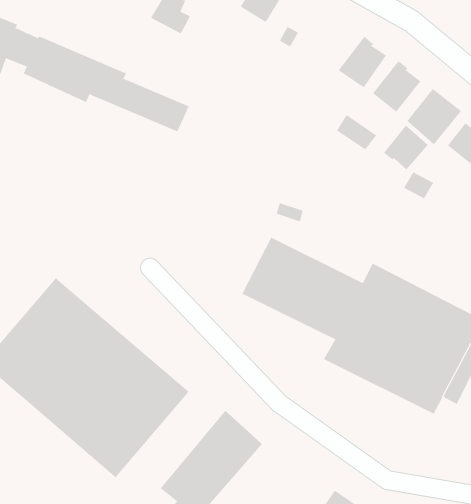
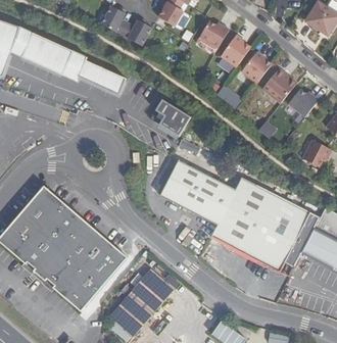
building: none -> [122,19,152,45]
building: none -> [202,22,233,50]
building: [383,125,429,170] -> none
building: none -> [155,101,190,136]

